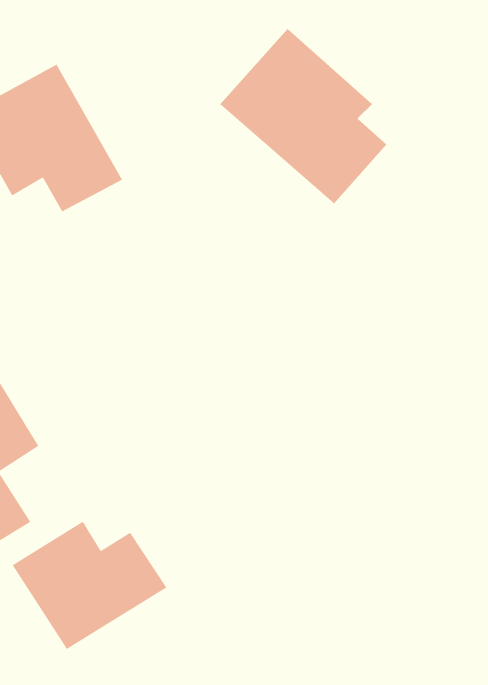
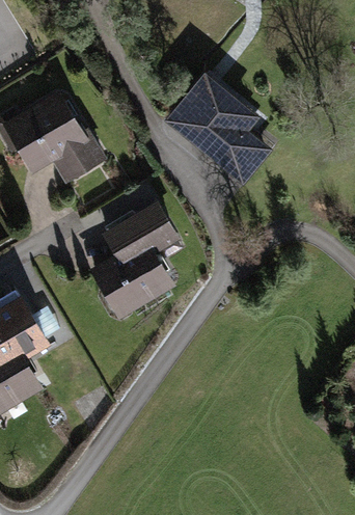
building: none -> [93,202,181,316]
building: [12,521,167,650] -> none

